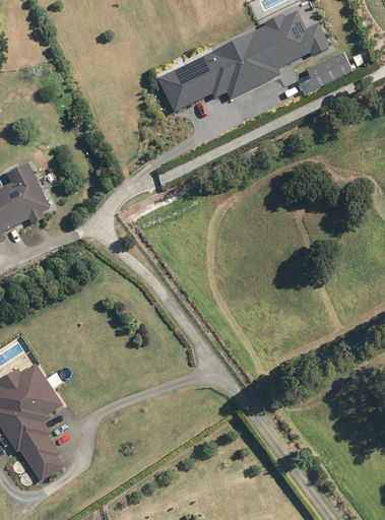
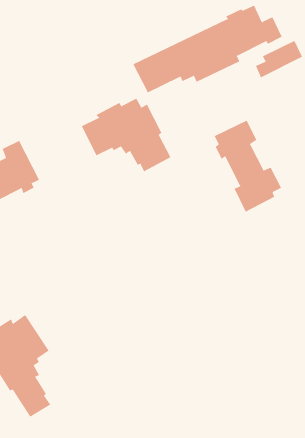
building: none -> [81,98,171,172]
building: none -> [214,120,282,212]

